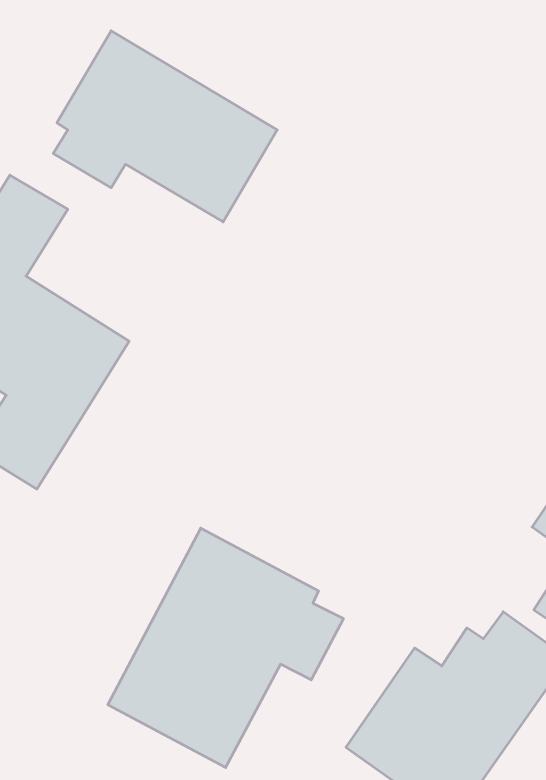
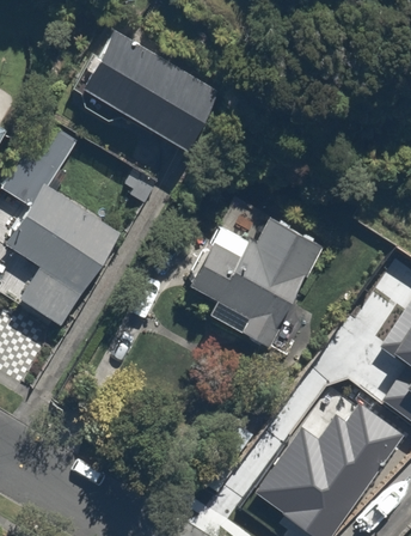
building: none -> [179,217,318,348]
building: [108,528,343,768] -> none

